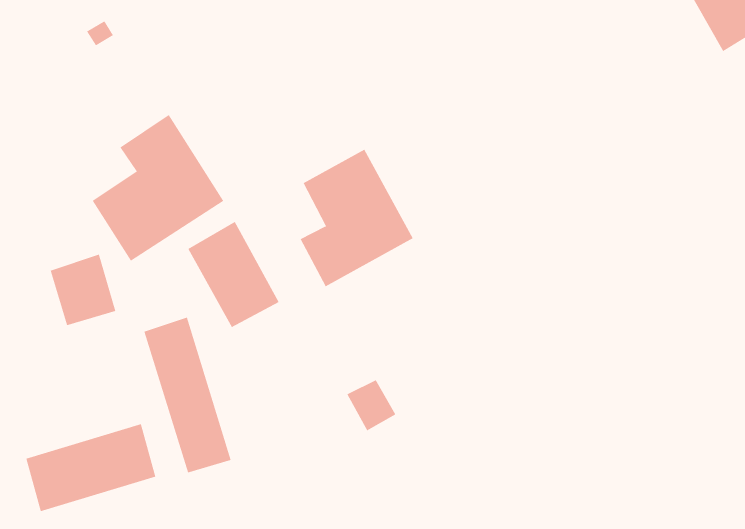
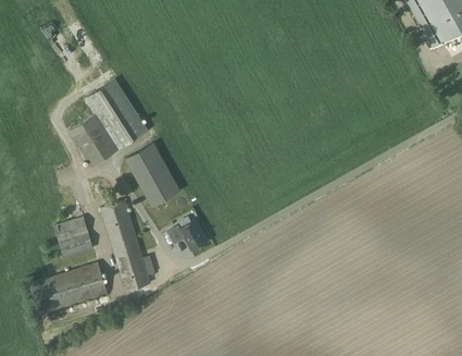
building: [300,149,413,287] -> none
building: [50,254,116,326] -> [55,216,95,258]
building: [347,379,396,431] -> [179,220,209,250]

